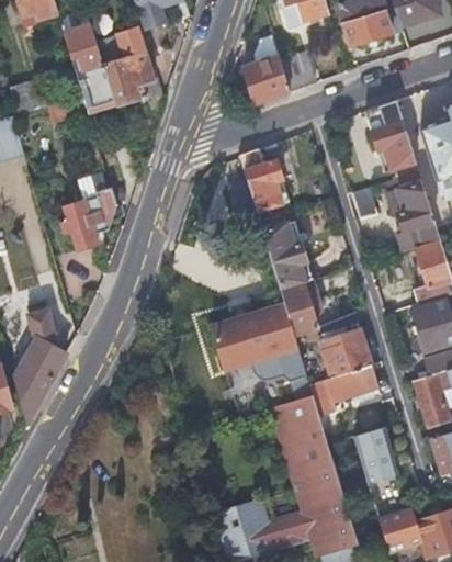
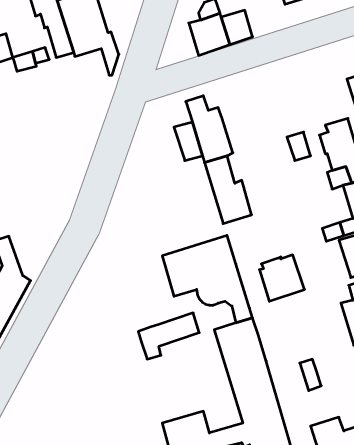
building: [372,101,420,181] -> none
building: [59,175,117,251] -> none
building: [282,283,320,336] -> none
building: [310,364,378,416] -> [138,313,199,359]

